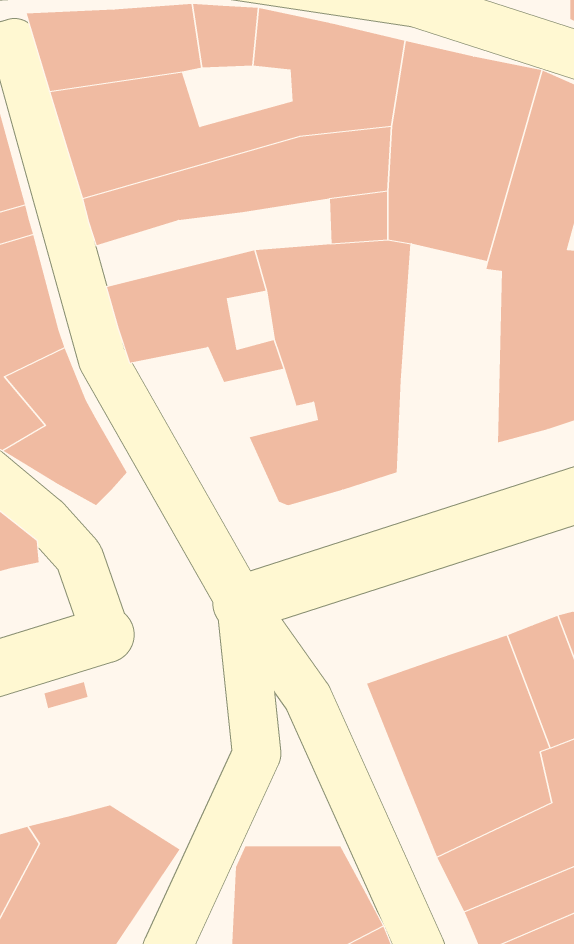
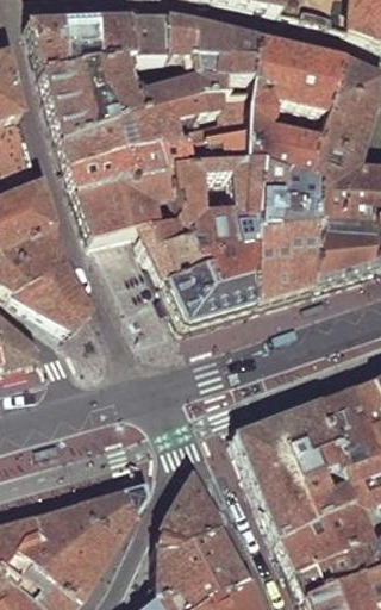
building: none -> [70,143,167,188]
building: none -> [254,162,317,301]
building: none -> [148,238,205,280]
building: none -> [161,478,219,529]
building: none -> [79,486,146,531]

